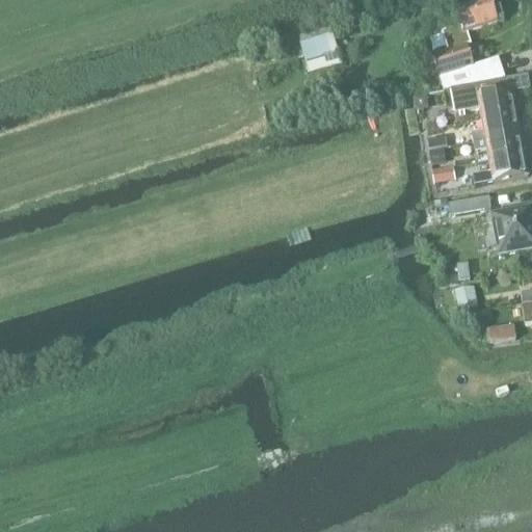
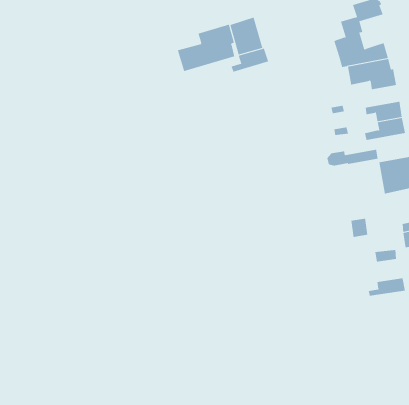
building: none -> [177,24,235,72]
building: none -> [231,48,269,72]
building: [472,110,520,139] -> none
building: none -> [368,278,405,297]

